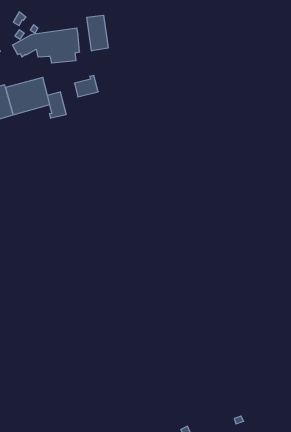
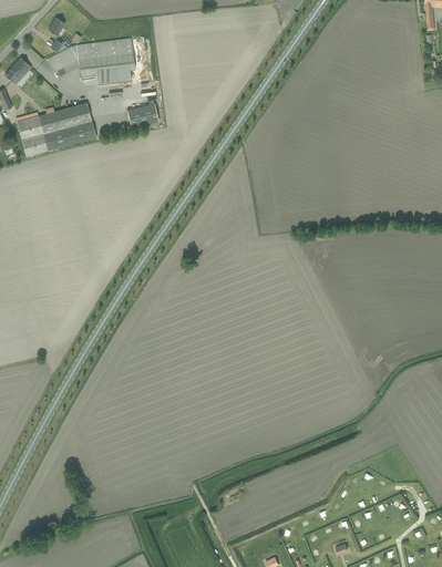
building: [87,15,108,51] -> none
building: [48,92,66,118] -> none

